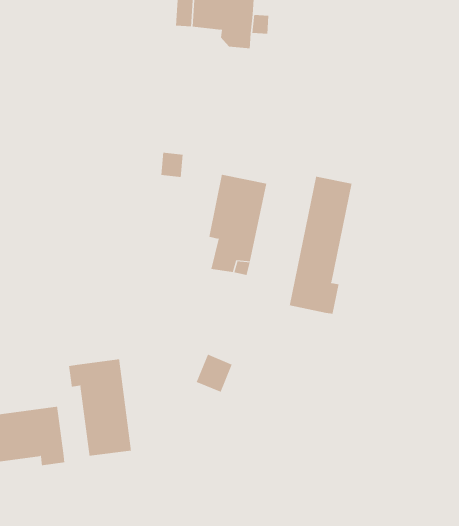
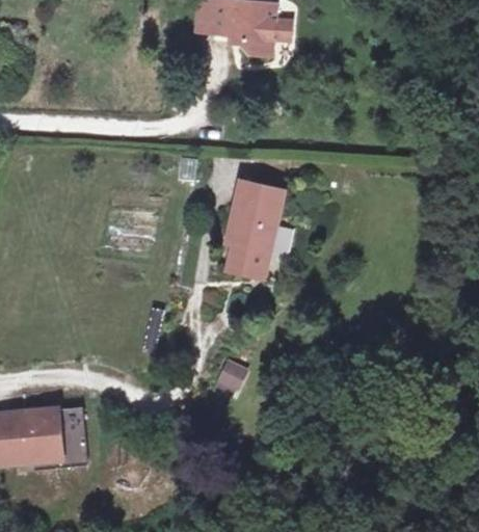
building: [289,176,352,315] -> none
building: [69,358,132,457] -> none

